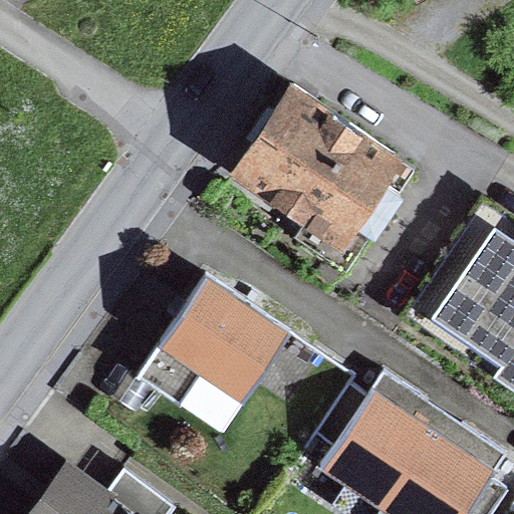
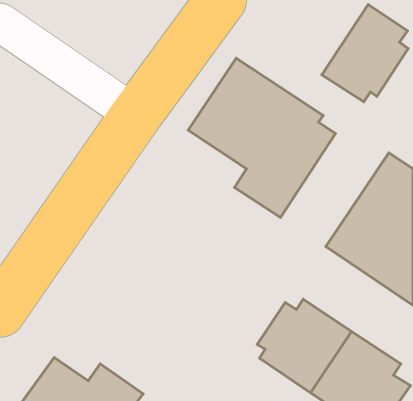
building: none -> [322,5,408,102]
building: [135,265,298,406] -> none

